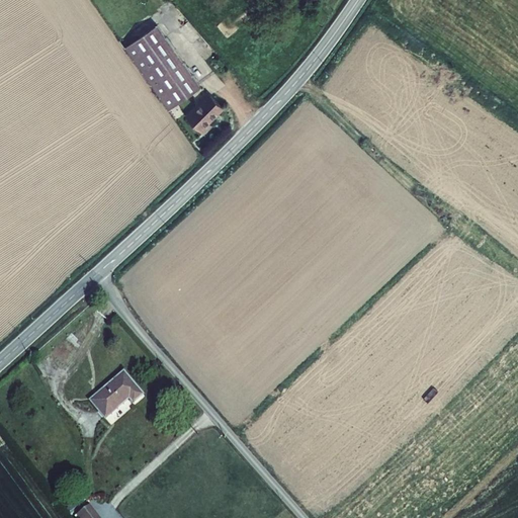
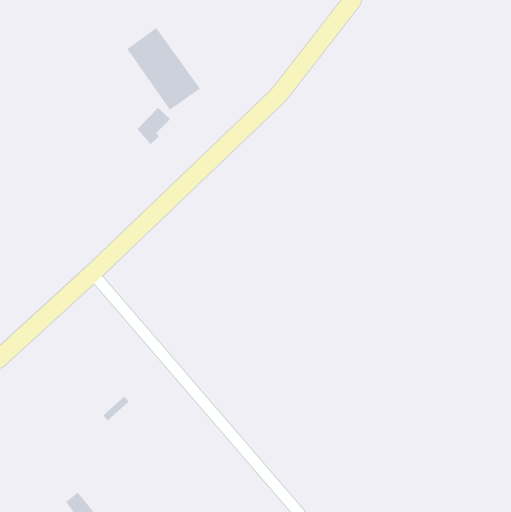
building: [190,97,225,136] -> [137,107,171,145]
building: [82,366,133,412] -> none

